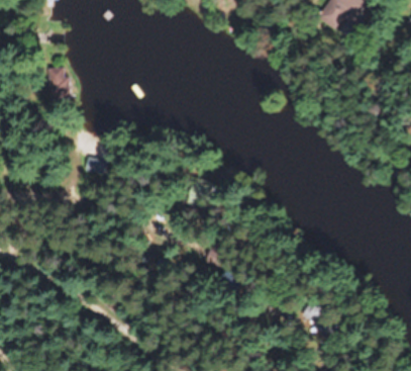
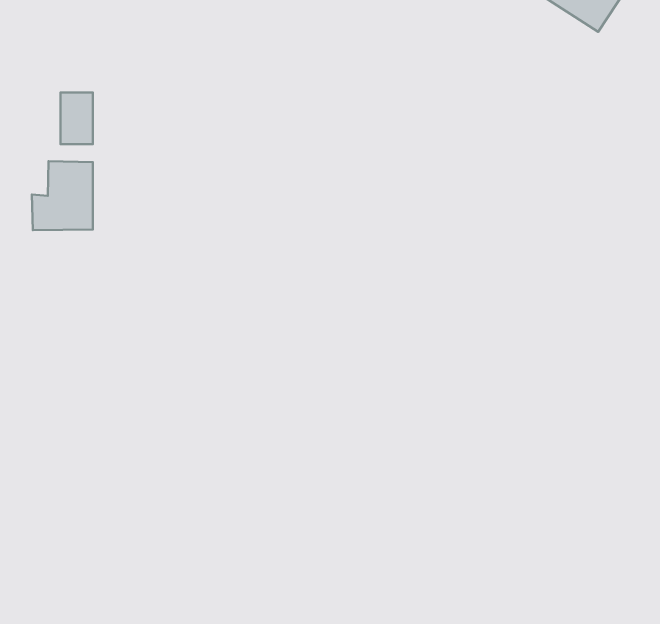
building: none -> [32,161,93,230]

